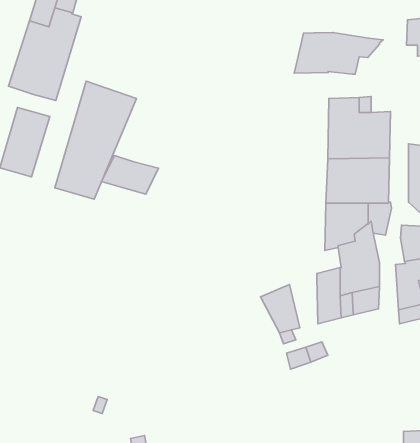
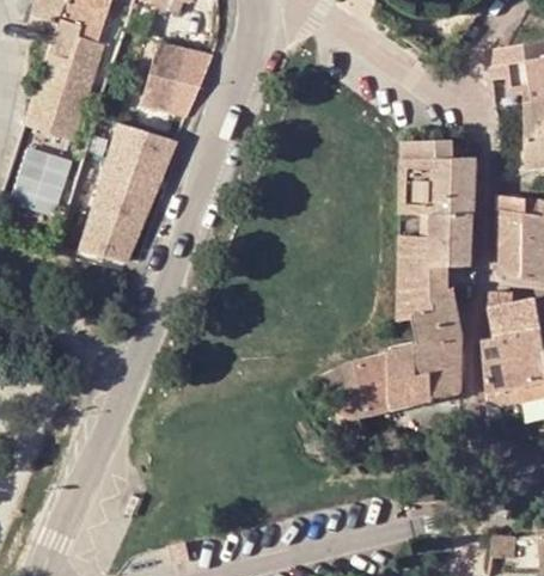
building: none -> [142,42,212,116]
building: [294,33,383,74] -> none
building: [102,155,159,194] -> none
building: none -> [357,354,391,413]

